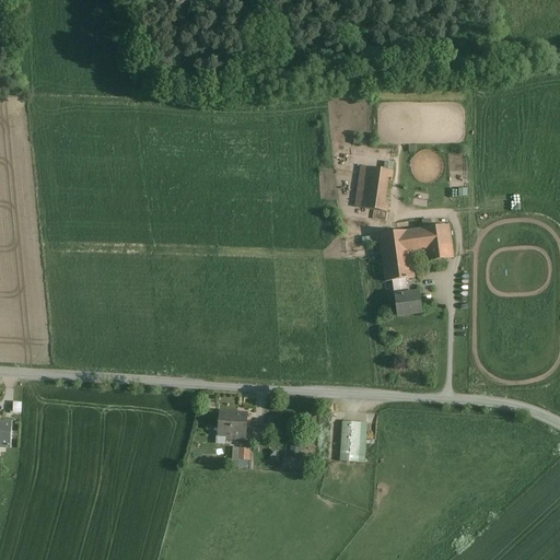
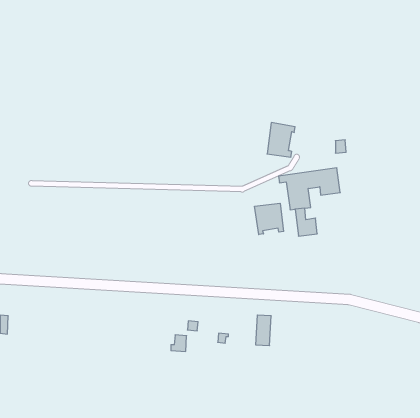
building: none -> [255,203,284,235]
building: [207,411,245,442] -> none

